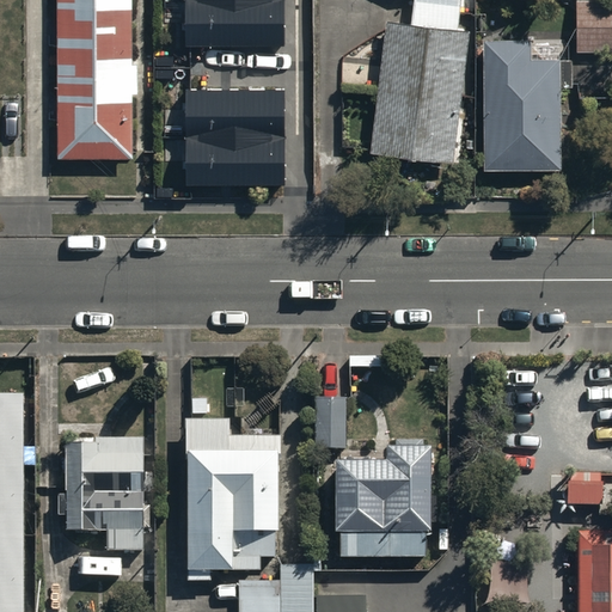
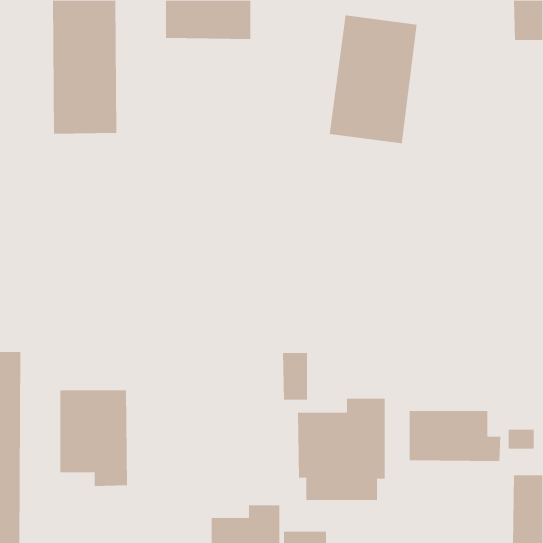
building: [482,38,558,164] -> none
building: [188,87,283,184] -> none
building: [182,421,281,581] -> none
building: none -> [409,410,501,462]

